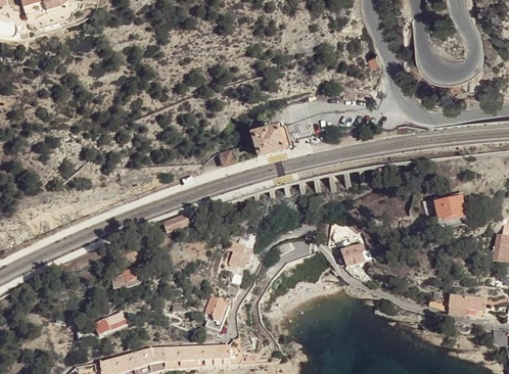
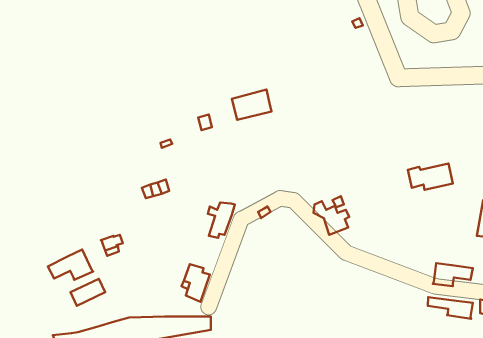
building: none -> [48,249,93,280]
building: none -> [428,297,473,319]

